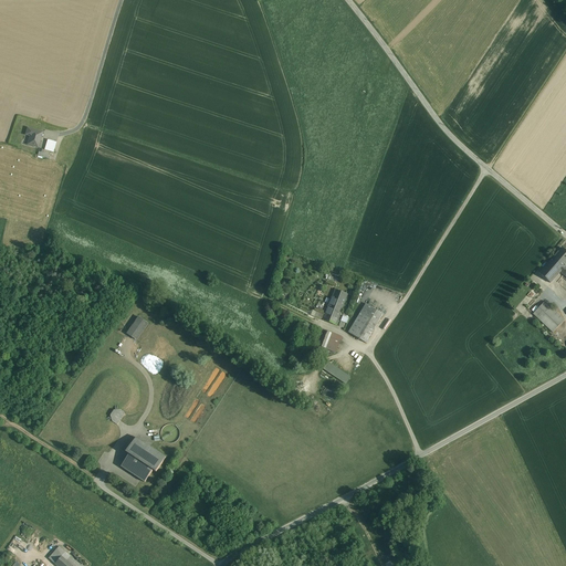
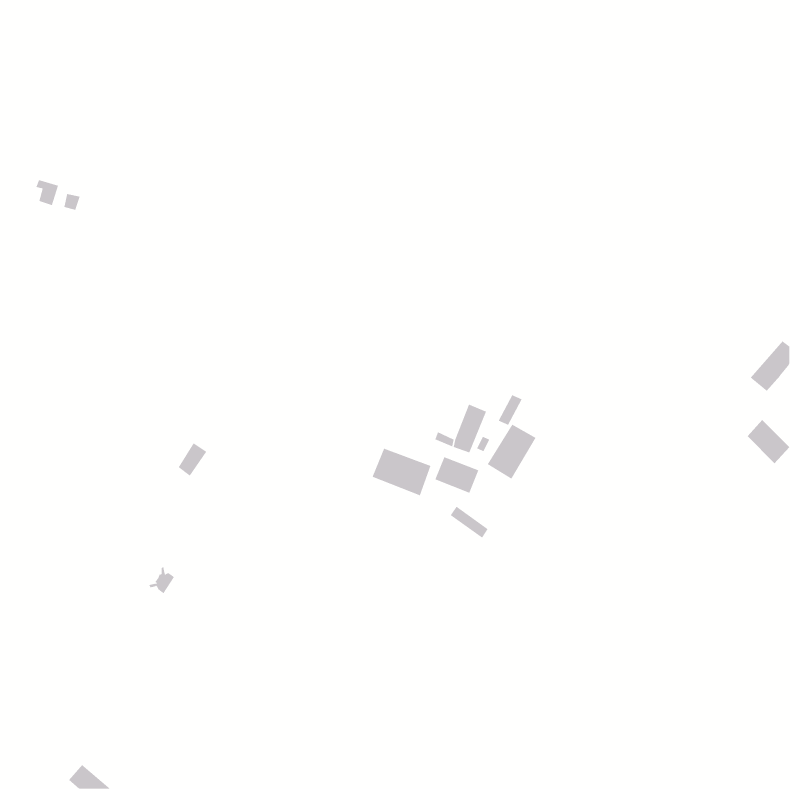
building: none -> [372,448,431,496]
building: [122,437,166,482] -> none

